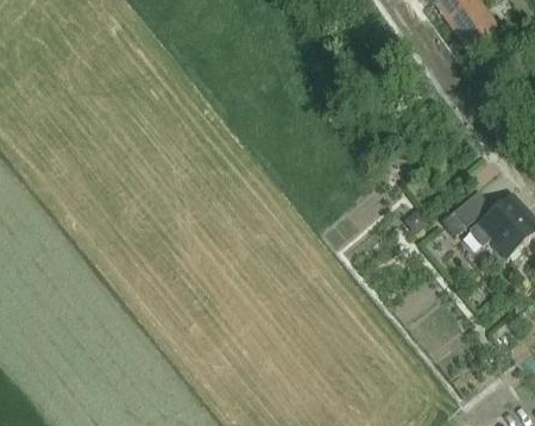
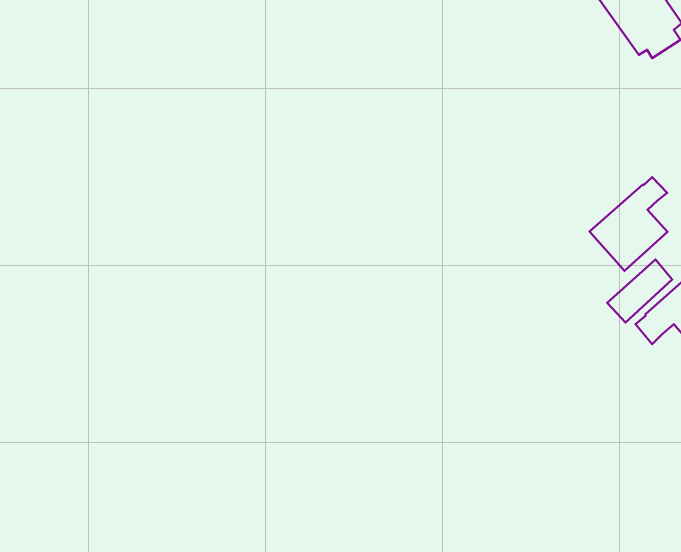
building: none -> [590,177,667,271]

